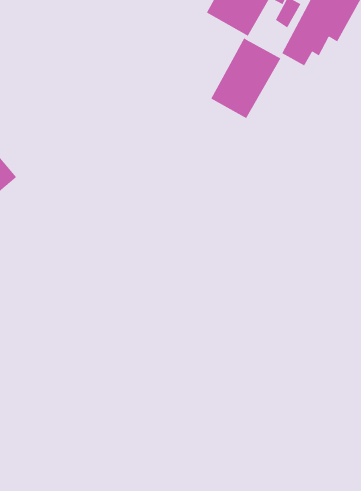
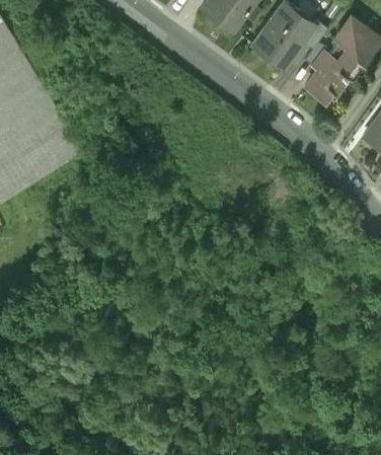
building: [210,37,281,119] -> none

